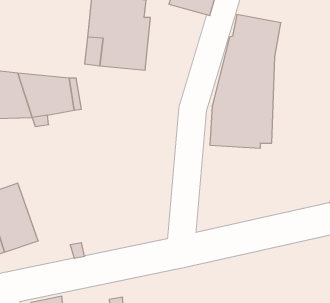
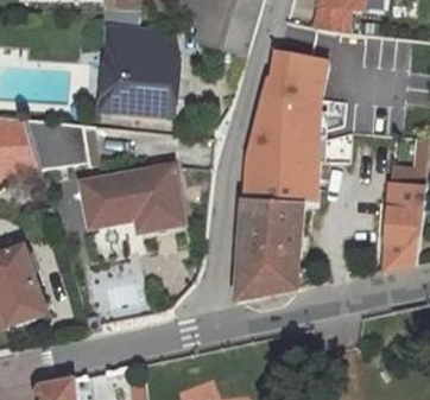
building: none -> [82,164,184,230]
building: none -> [239,202,304,300]

